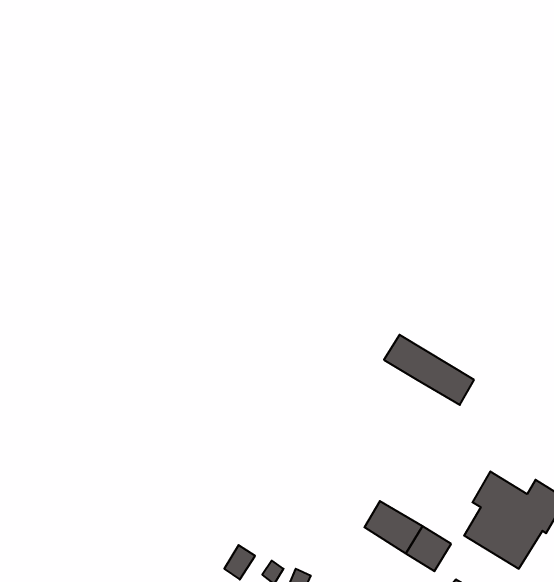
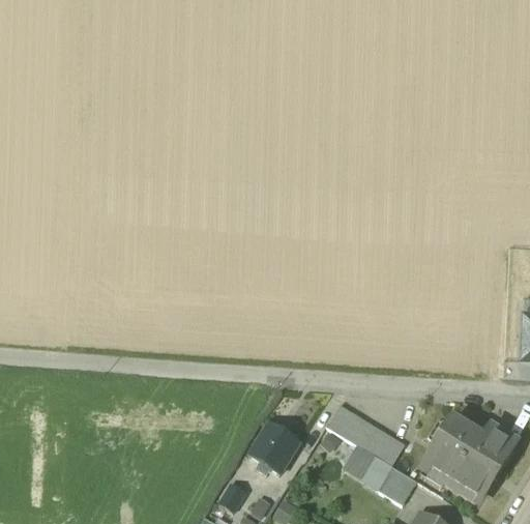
building: [384,335,474,405] -> [325,404,404,465]
building: none -> [248,423,299,473]

